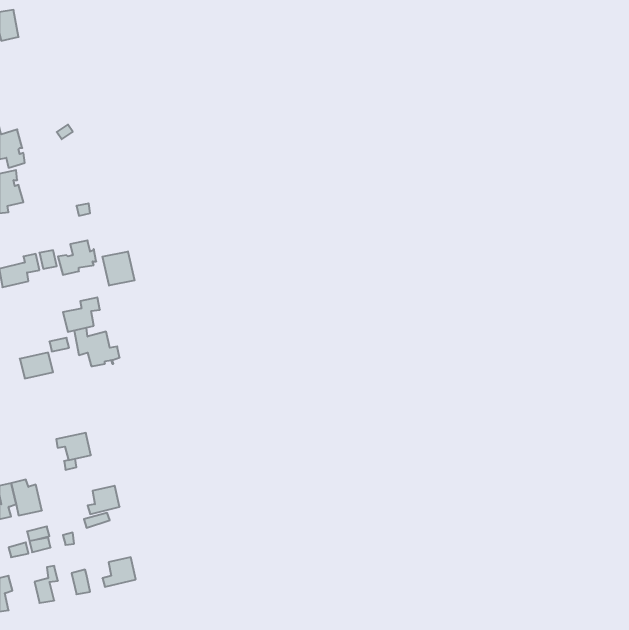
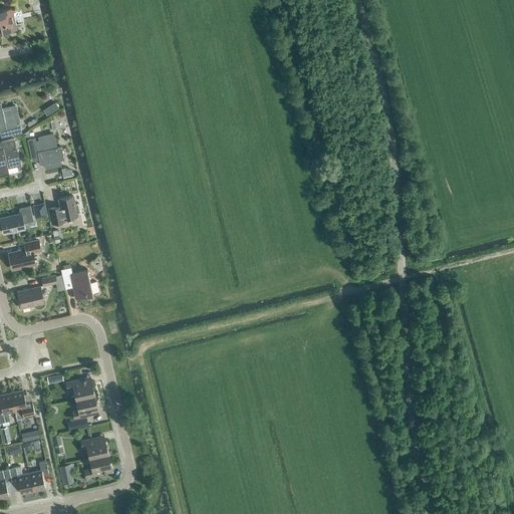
building: none -> [26,135,63,169]
building: [102,251,135,286] -> none
building: [63,297,100,332] -> [9,241,39,269]
building: [56,433,91,460] -> [65,377,93,400]
building: none -> [79,436,106,458]
building: none -> [7,466,32,494]

